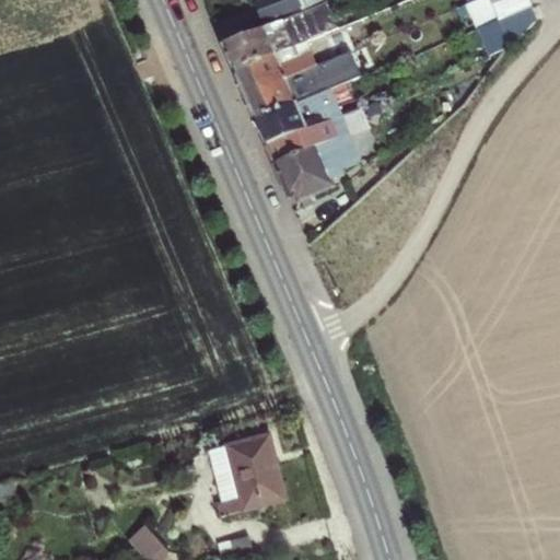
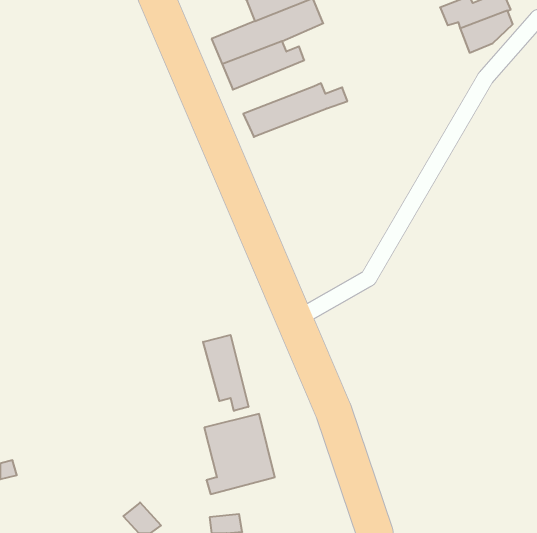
building: [243,50,351,118] -> none
building: [265,113,359,203] -> none
building: none -> [203,335,248,411]

